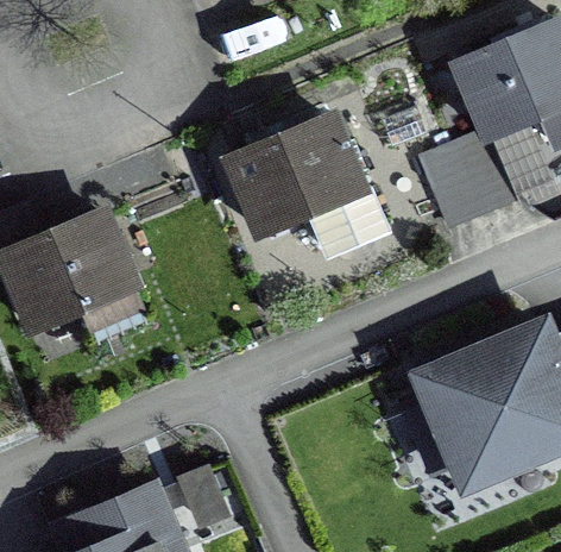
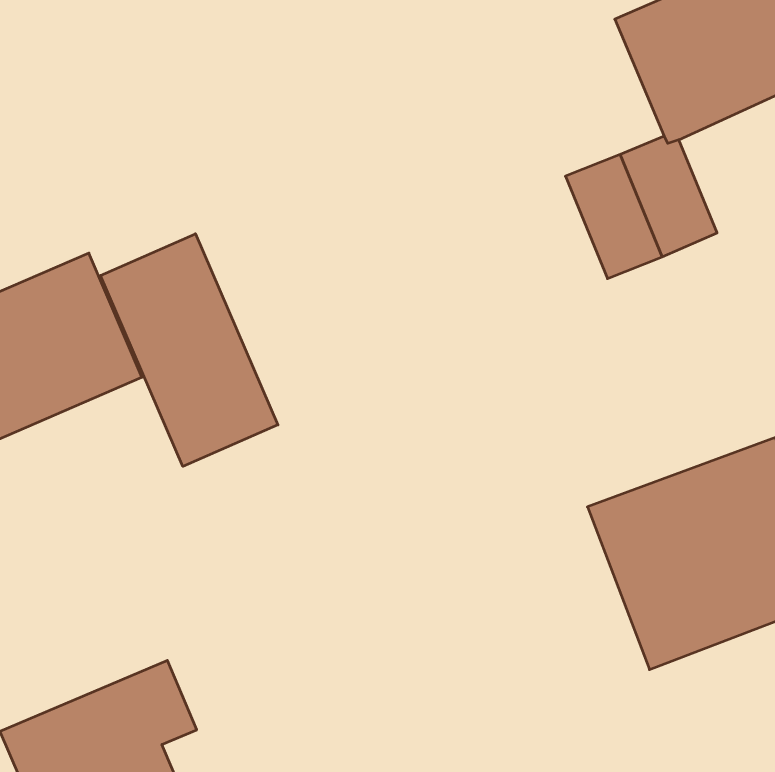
building: [220,107,368,237] -> none
building: none -> [101,234,278,466]

